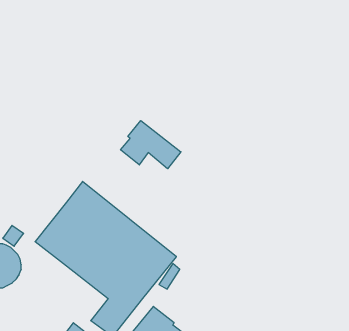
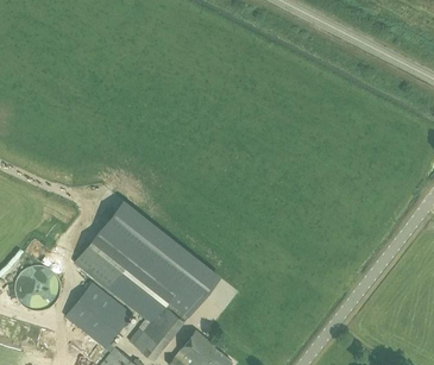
building: [121,121,181,169] -> none
building: none -> [64,281,133,348]

